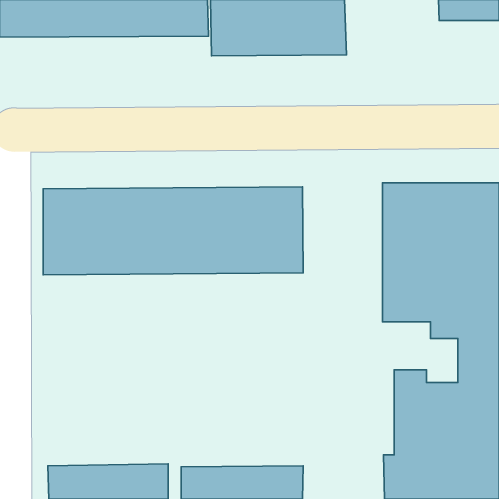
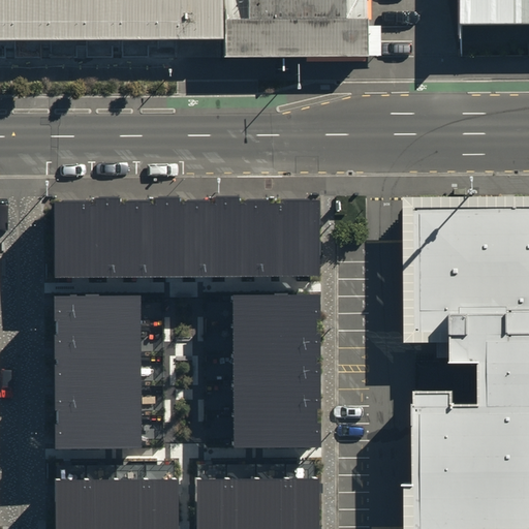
building: none -> [58,306,143,459]
building: none -> [234,308,319,458]

